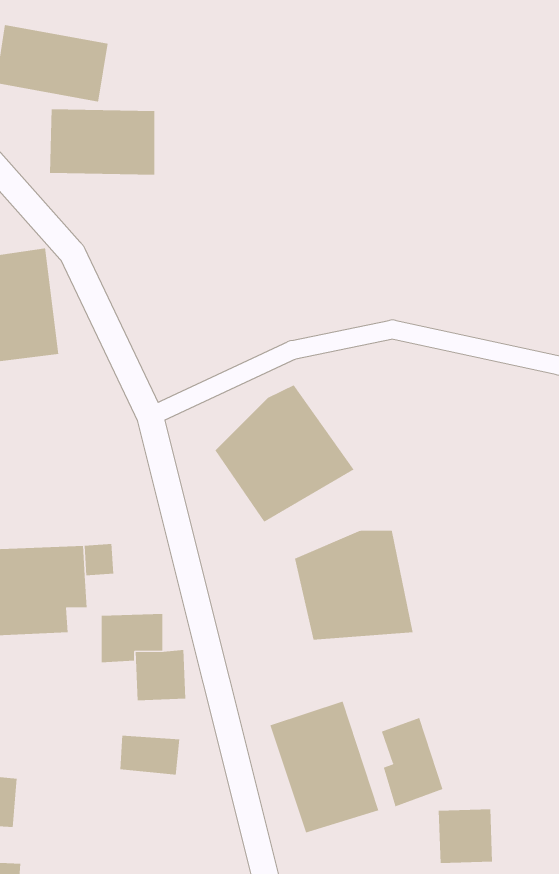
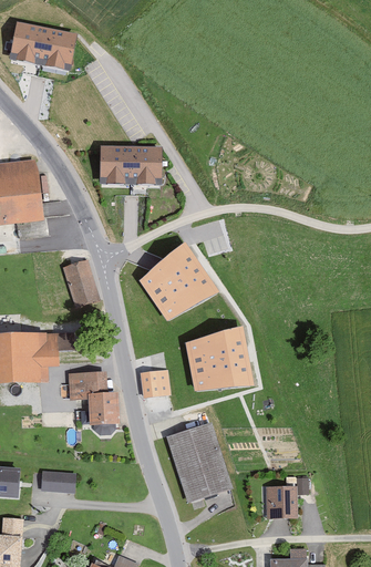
building: [49,109,155,175] -> [97,150,159,188]
building: none -> [62,259,96,307]
building: none -> [142,369,169,396]
building: [381,717,443,807] -> none
building: [120,735,180,775] -> [41,468,76,492]

